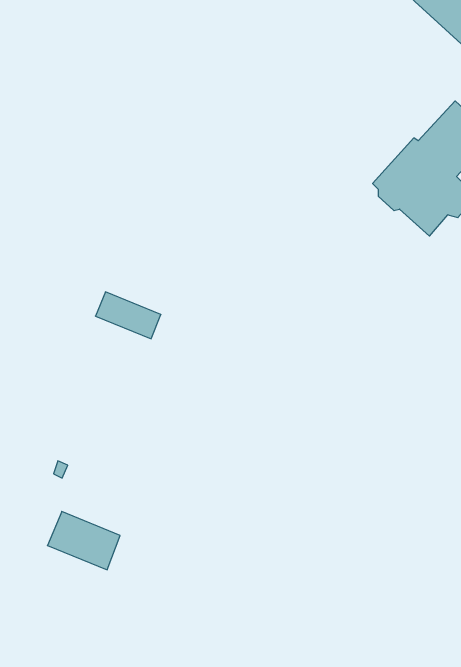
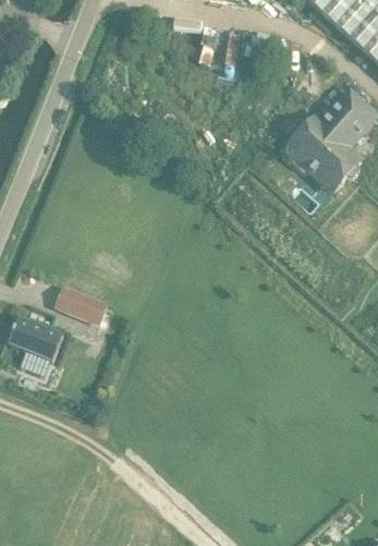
building: [95,292,161,339] -> [56,286,106,321]
building: [47,511,120,570] -> [7,315,62,360]

